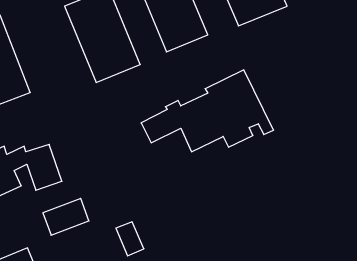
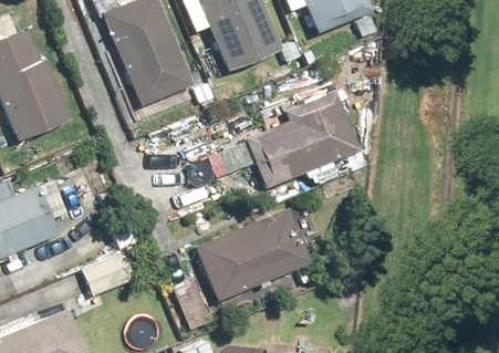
building: none -> [190,207,310,303]

